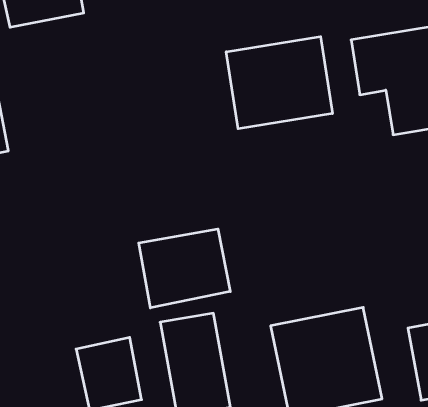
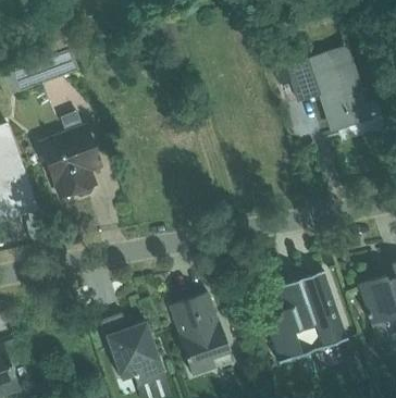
building: [226,37,332,129] -> none
building: none -> [38,122,103,201]
building: [139,229,230,308] -> none

